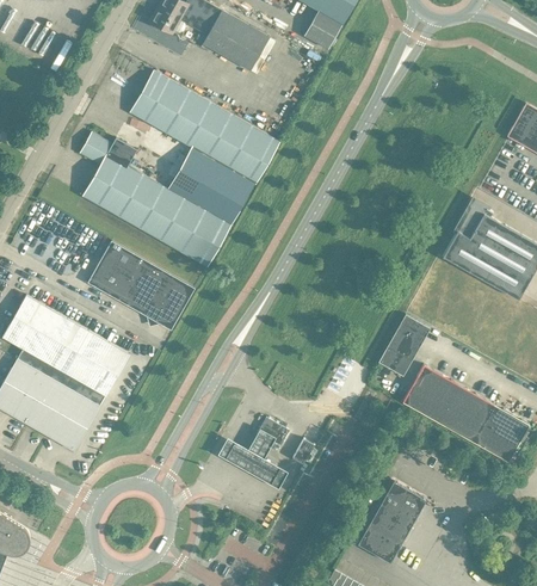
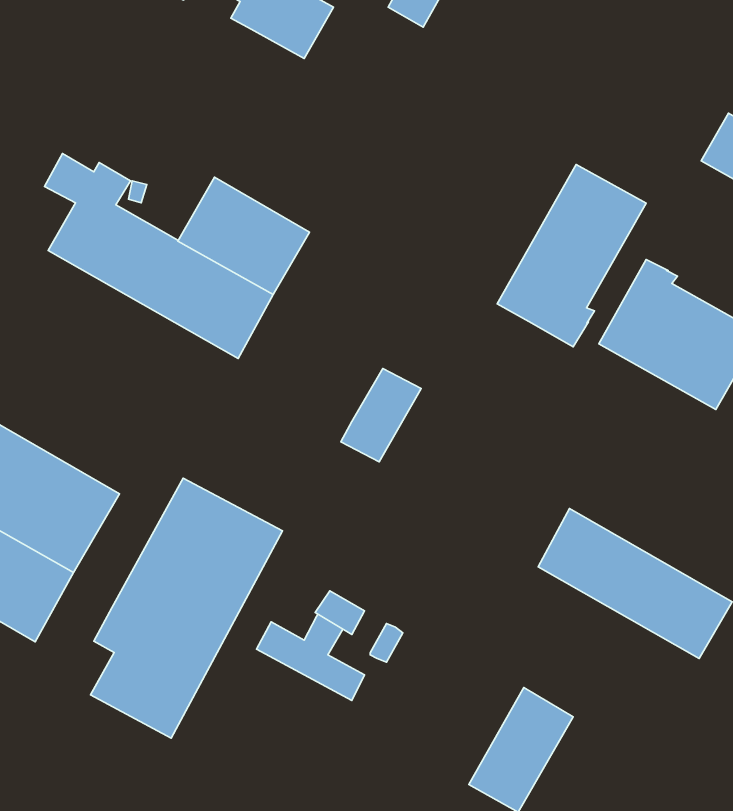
building: [129,70,278,184] -> none
building: none -> [497,164,646,347]
building: [87,241,195,331] -> none
building: [377,315,430,376] -> [341,369,421,462]
building: none -> [91,478,283,738]

